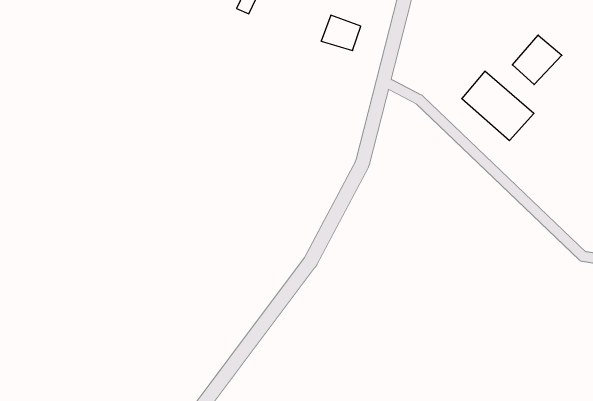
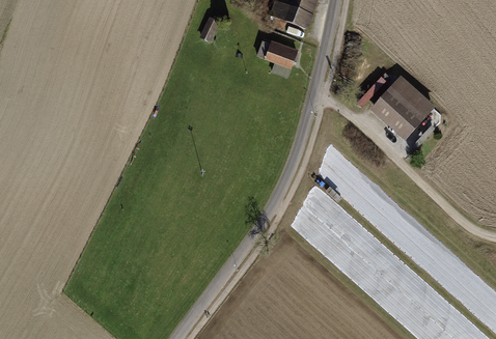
building: [512,35,562,85] -> none

